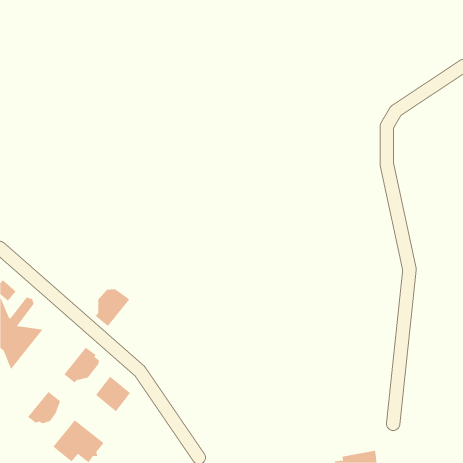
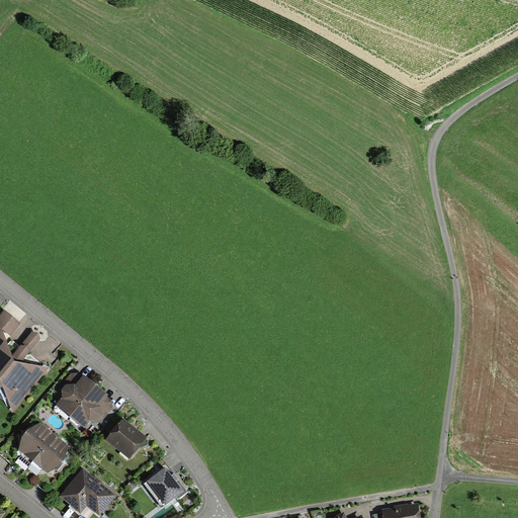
building: [95,289,130,327] -> [56,374,95,417]
building: none -> [18,422,54,464]
building: none -> [144,468,186,507]

